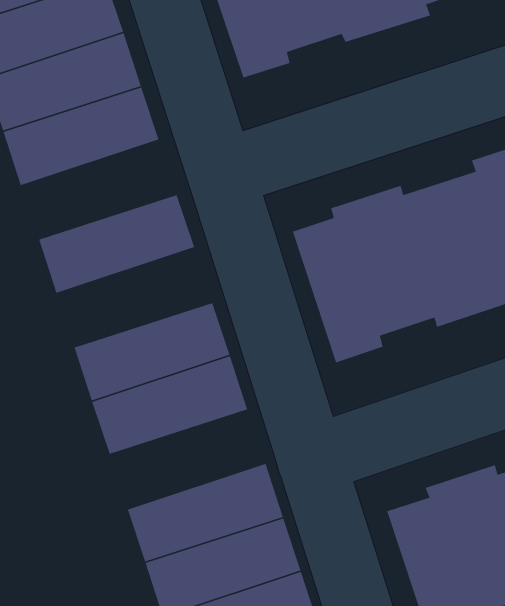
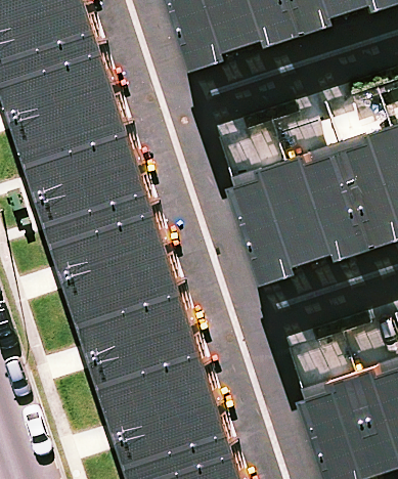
building: none -> [28,118,145,192]
building: none -> [54,199,172,273]
building: none -> [94,320,212,395]

